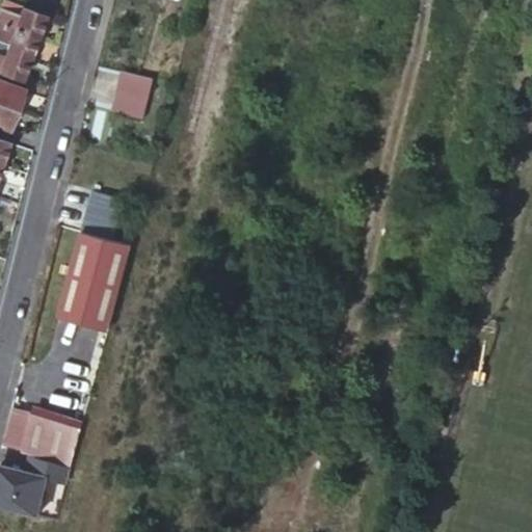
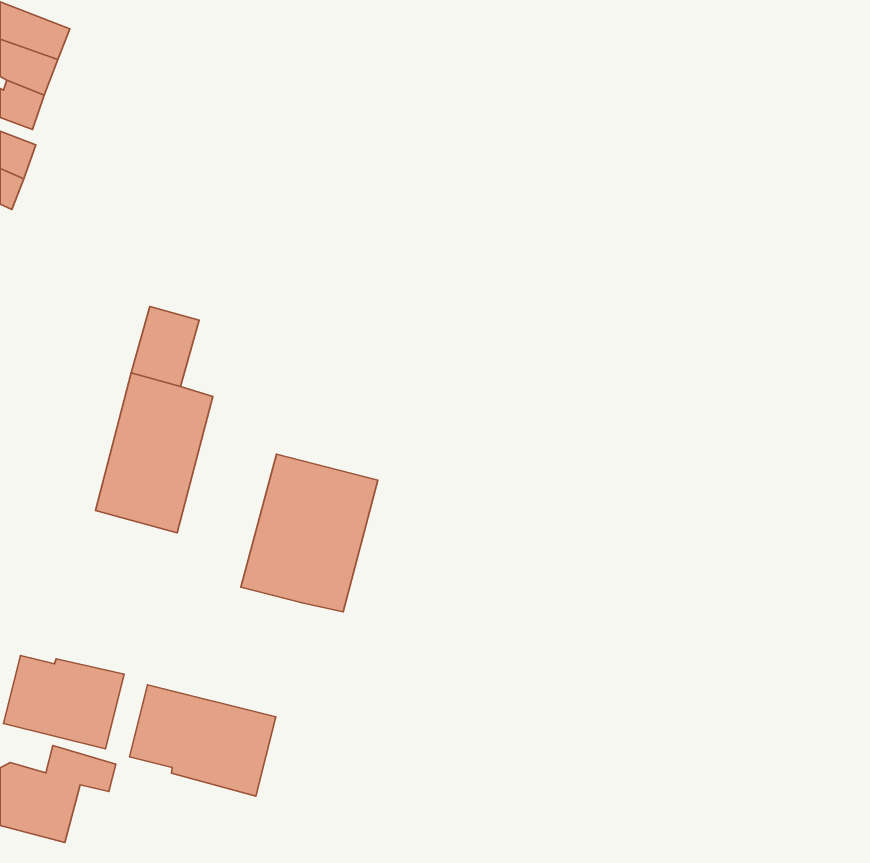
building: [111,73,153,121] -> none
building: none -> [241,454,378,612]
building: none -> [130,685,276,796]

